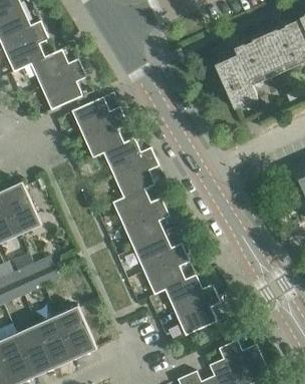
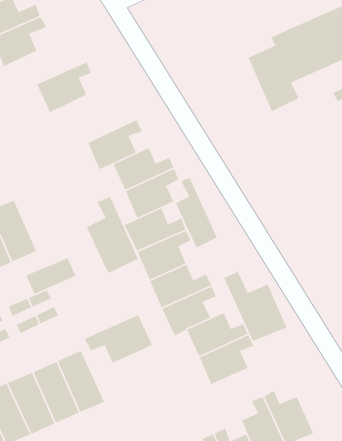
building: [30,49,82,86] -> none
building: [71,96,123,134] -> none
building: none -> [175,177,218,249]
building: none -> [86,196,139,274]
building: none -> [25,257,76,295]
building: none -> [223,270,287,342]
building: none -> [84,314,168,364]

